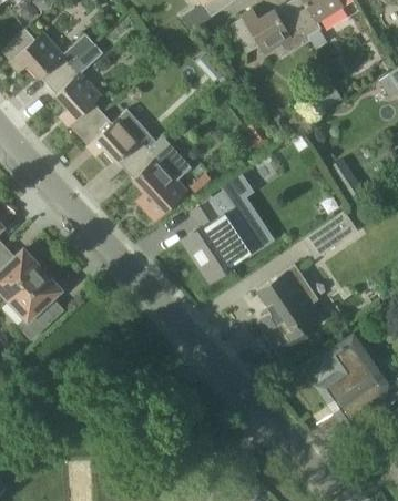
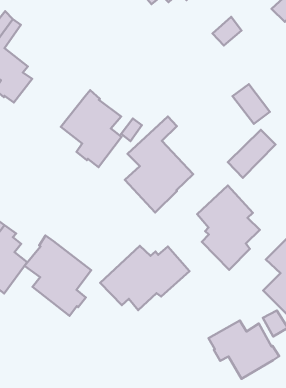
building: [79,109,157,170] -> none
building: none -> [24,236,91,316]
building: none -> [100,246,190,310]
building: none -> [208,320,279,379]

